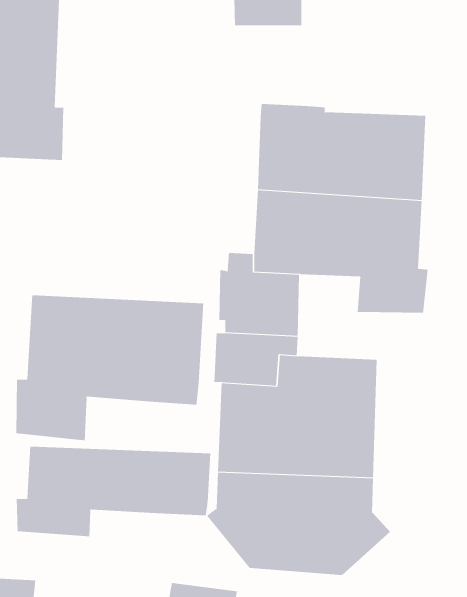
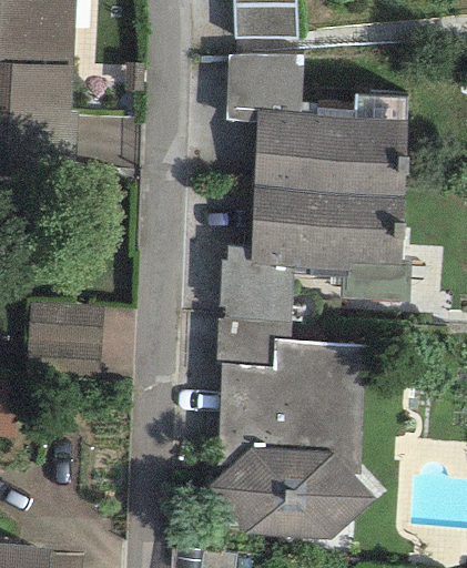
building: none -> [226,53,304,121]
building: [16,294,204,441] -> none
building: [16,446,211,537] -> none

